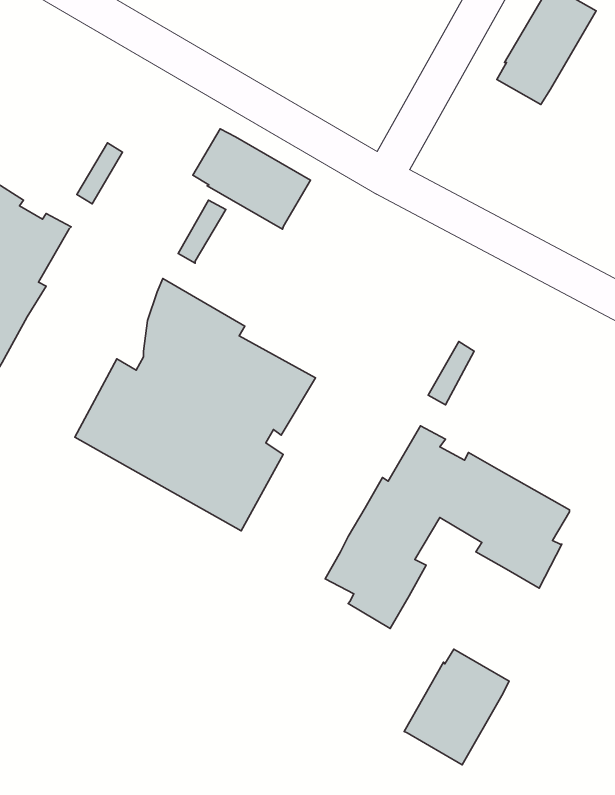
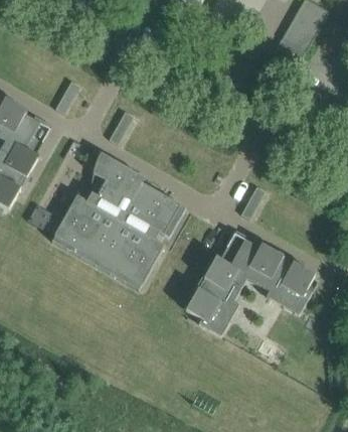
building: [193,129,311,229] -> none
building: [404,649,509,765] -> none

